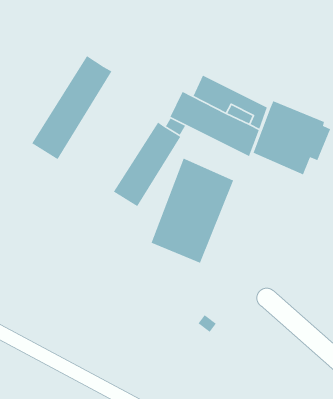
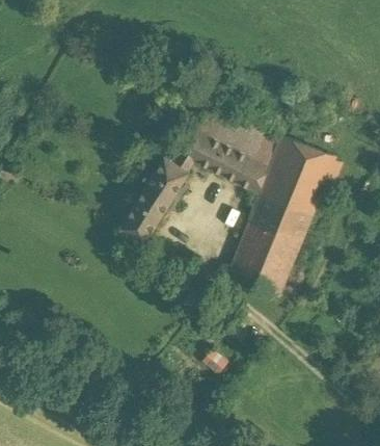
building: [31,55,113,160] -> none
building: [151,158,234,264] -> [227,189,313,297]

